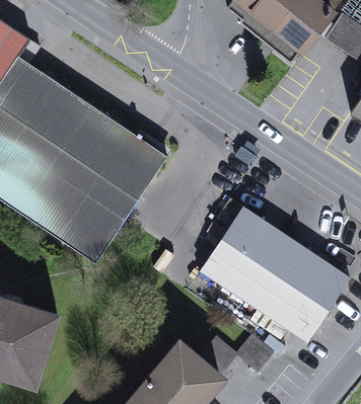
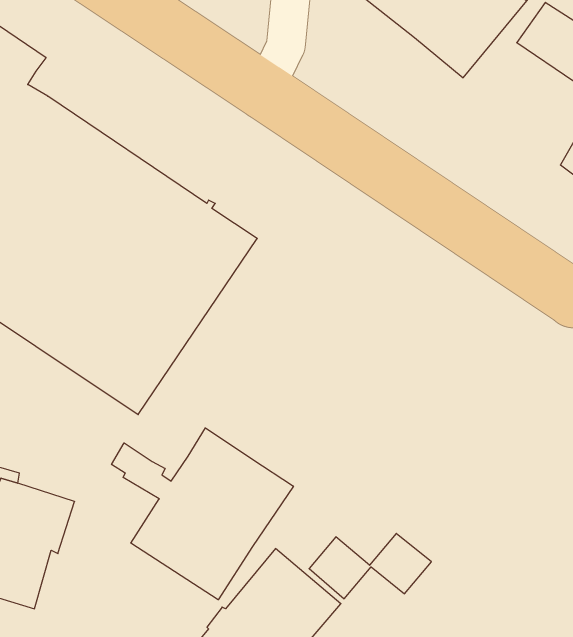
building: [202,198,350,341] -> none
building: none -> [112,428,293,600]

